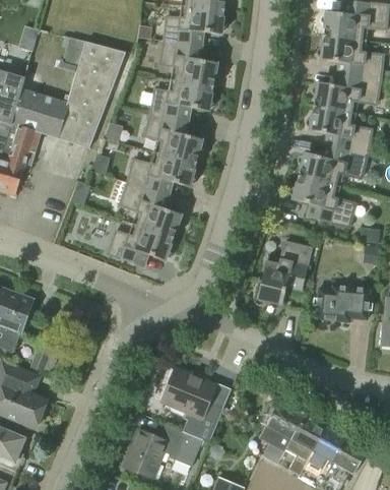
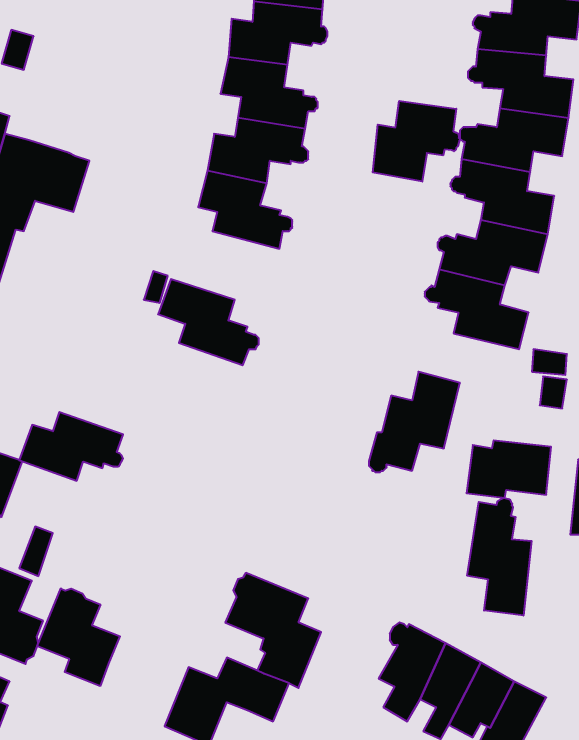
building: [54,37,125,147] -> none
building: none -> [373,101,460,182]
building: [127,151,196,195] -> none
building: [107,223,173,266] -> [19,412,123,481]
building: none -> [467,498,532,616]
building: none -> [37,588,120,686]

